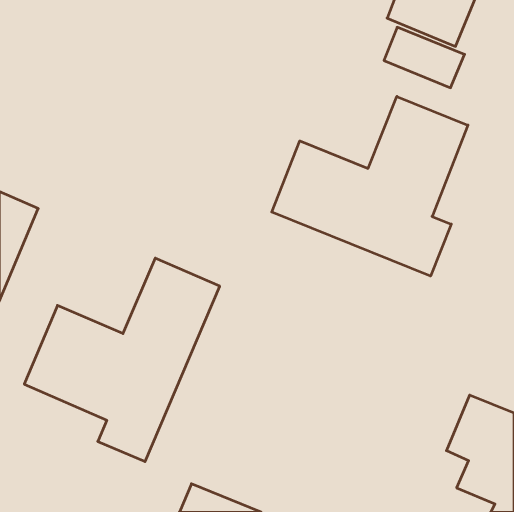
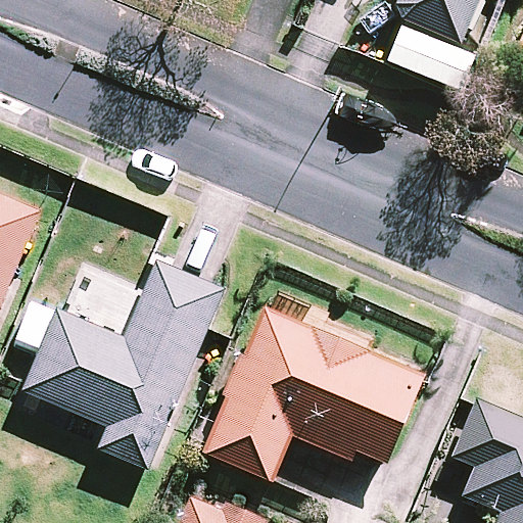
building: [272,96,468,276] -> none
building: none -> [206,308,424,477]

